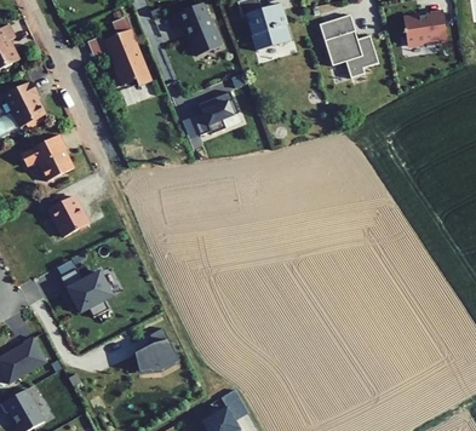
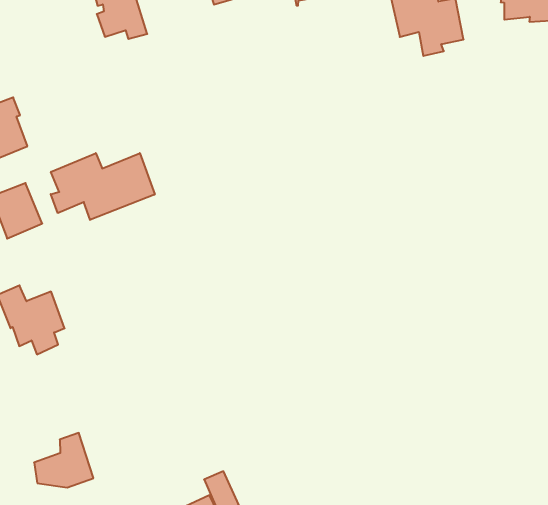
building: [193,91,239,134] -> none
building: none -> [51,153,155,220]
building: [134,326,178,366] -> [34,433,93,488]

